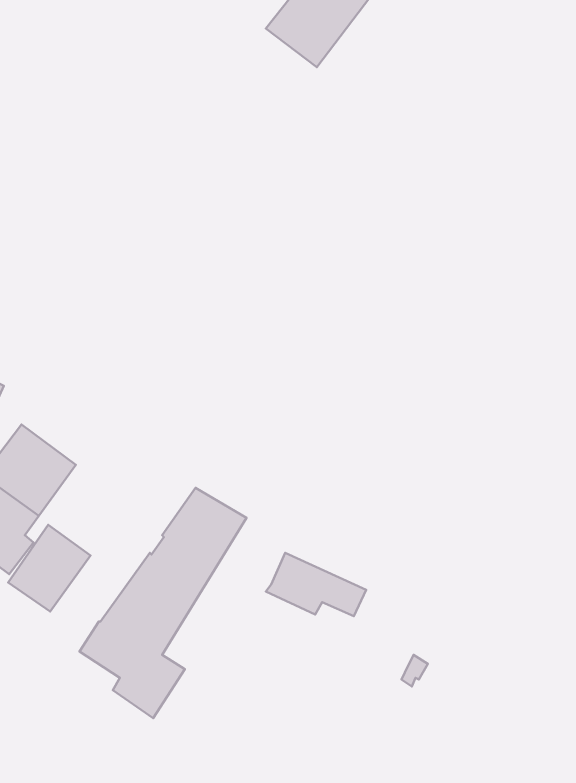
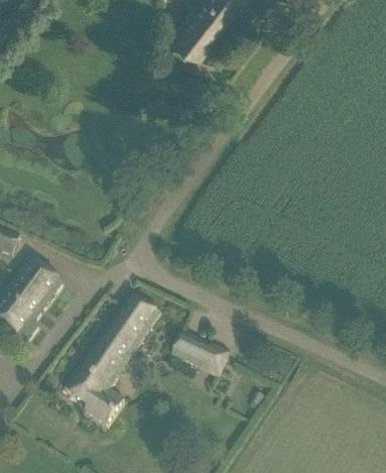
building: [8,525,90,612] -> none

